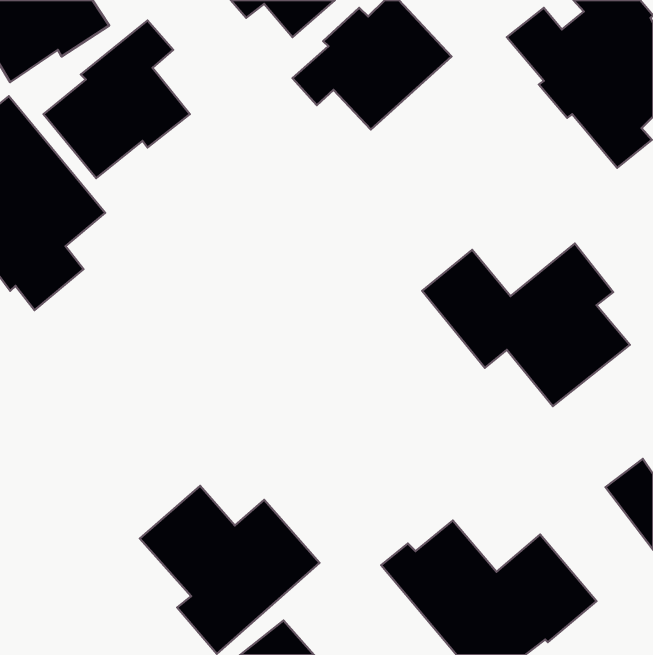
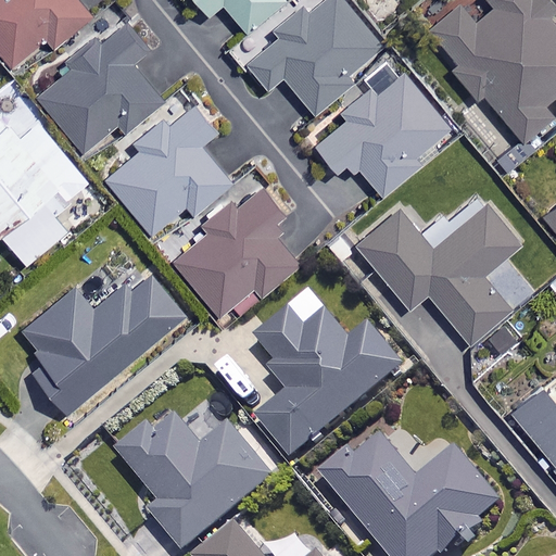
building: none -> [315,74,453,192]
building: none -> [108,102,230,233]
building: none -> [174,188,291,313]
building: none -> [18,275,182,413]
building: none -> [256,314,403,458]

